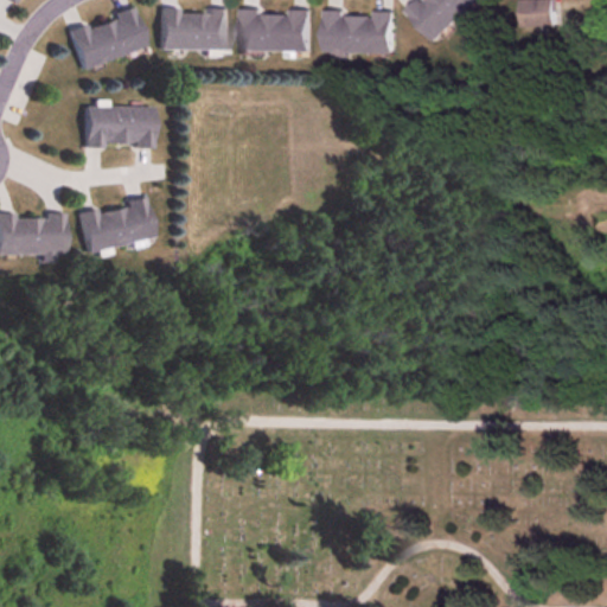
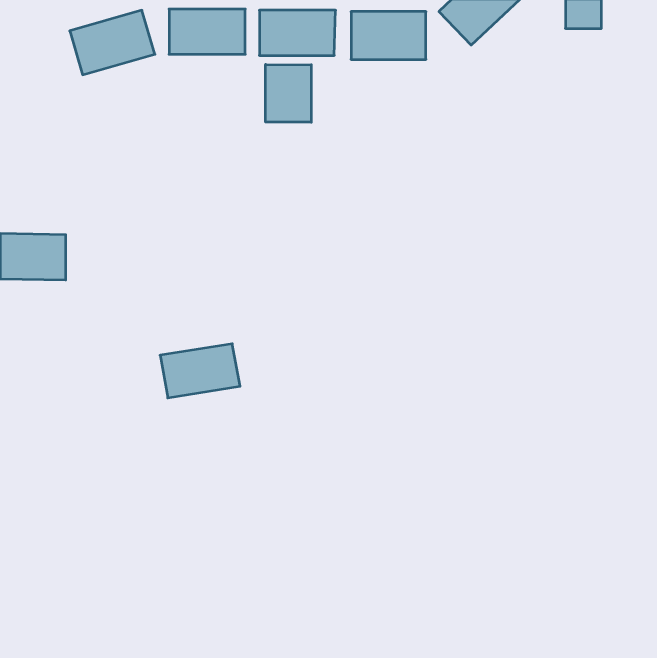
building: none -> [266,64,311,122]
building: [82,107,151,148] -> none
building: [77,202,151,251] -> [160,344,240,398]

